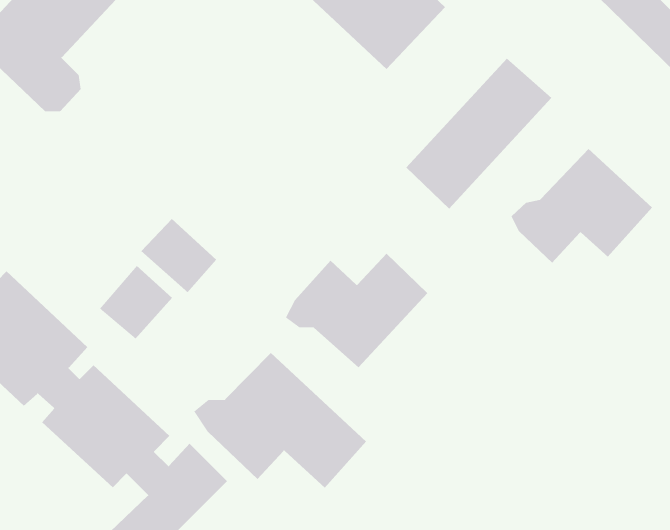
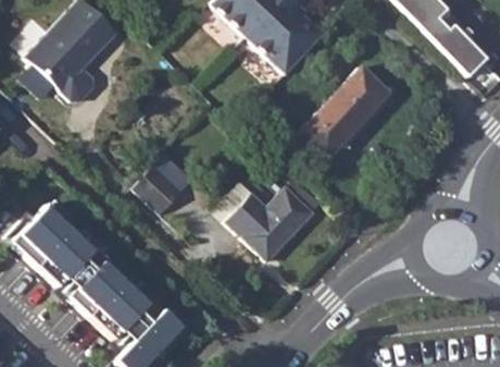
building: [511,148,653,264] -> none
building: [99,265,173,340] -> none
building: [194,352,367,489] -> none

